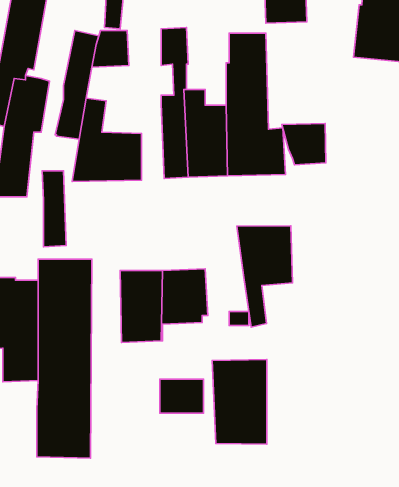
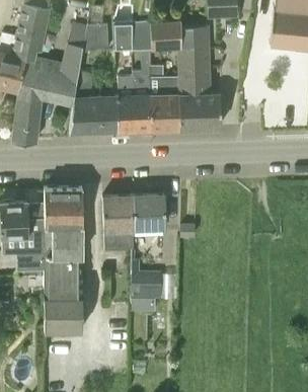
building: none -> [112,10,134,49]
building: none -> [150,20,180,48]
building: [282,124,326,165] -> none
building: [42,171,66,247] -> [117,76,134,131]
building: [237,226,293,327] -> none
building: [212,360,267,444] -> none

